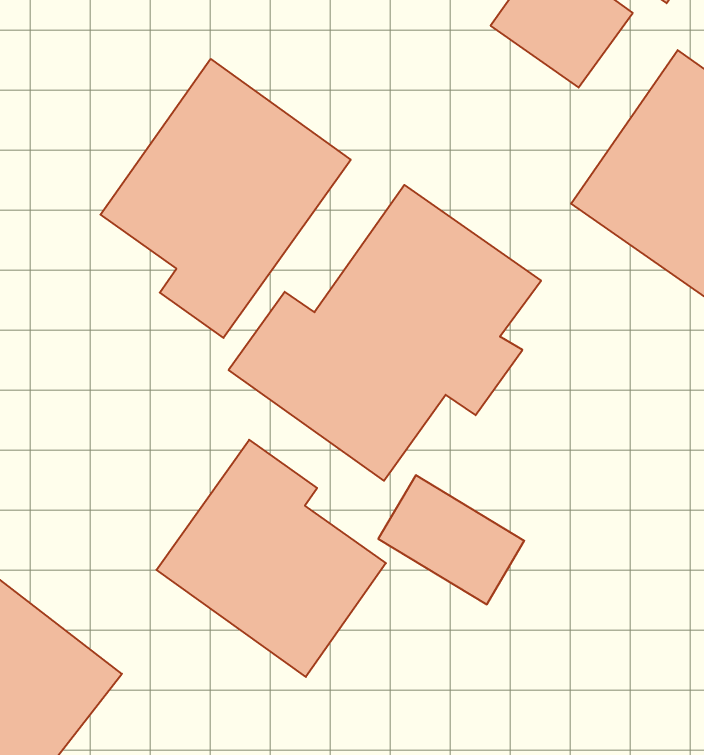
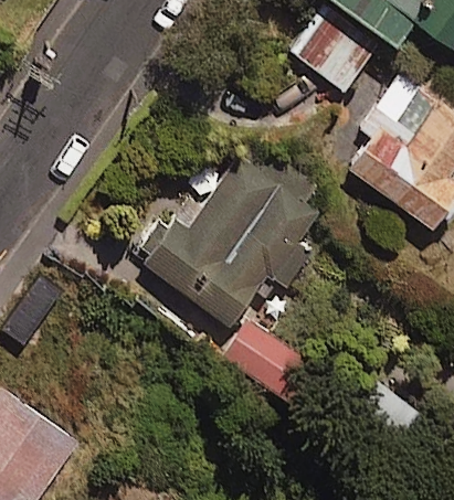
building: [100,59,351,338] -> none
building: [156,440,386,677] -> none

